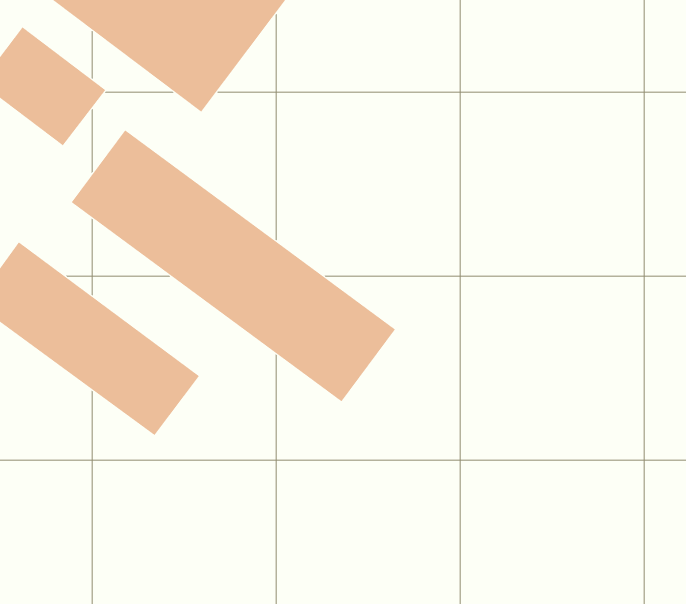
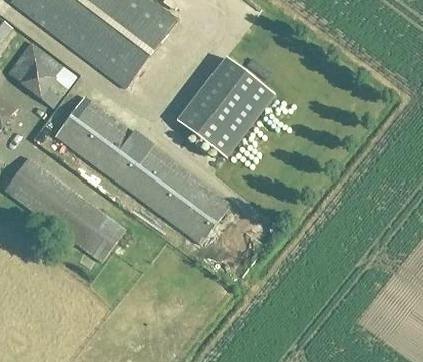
building: none -> [180,55,276,154]

